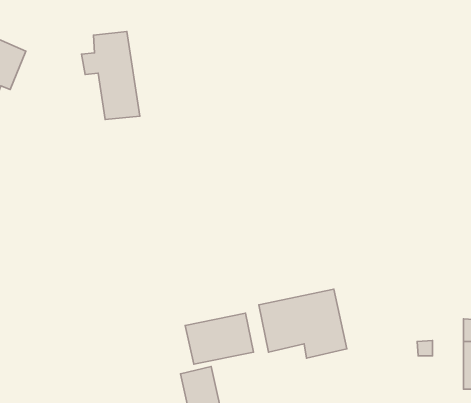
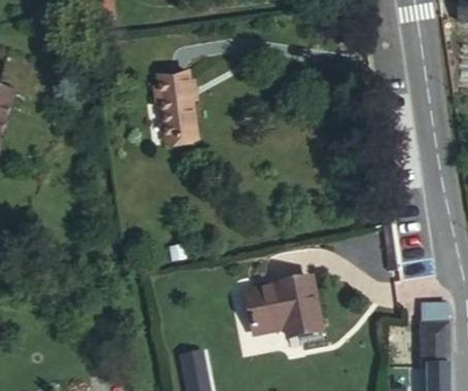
building: [81,32,140,120] -> [156,66,207,142]
building: [185,313,253,364] -> none

